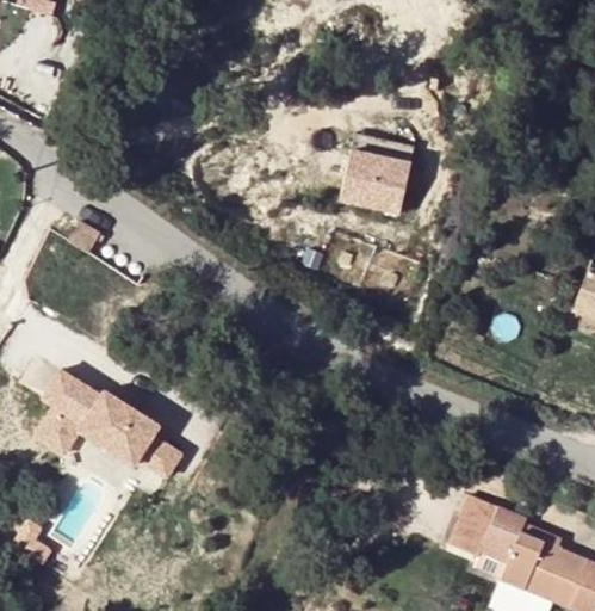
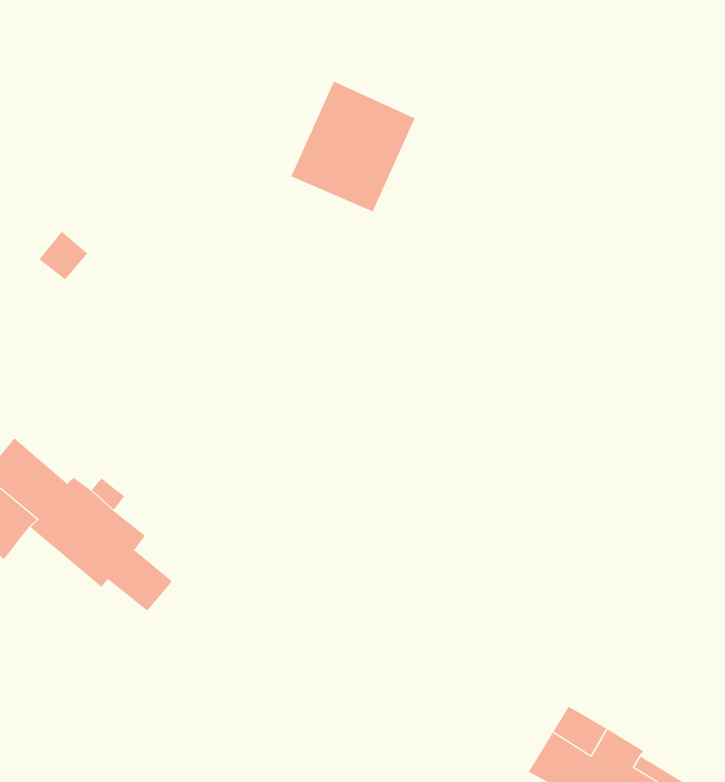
building: [339,132,419,218] -> [291,81,416,212]

